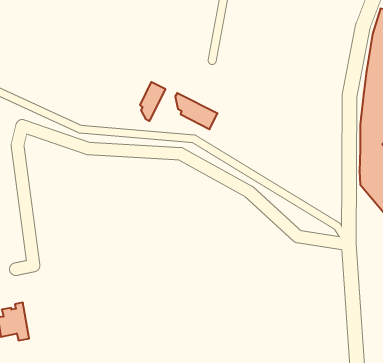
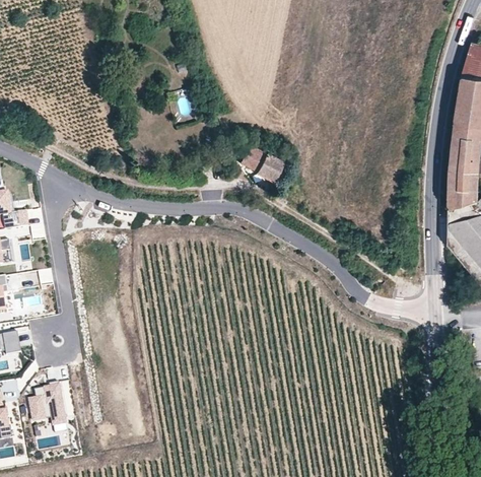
building: [140,82,165,121] -> none

